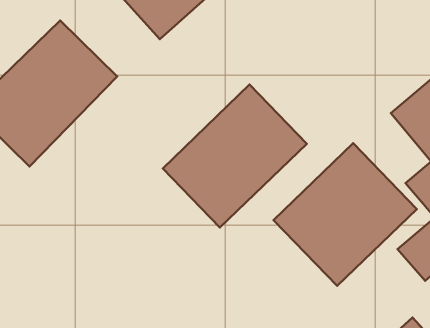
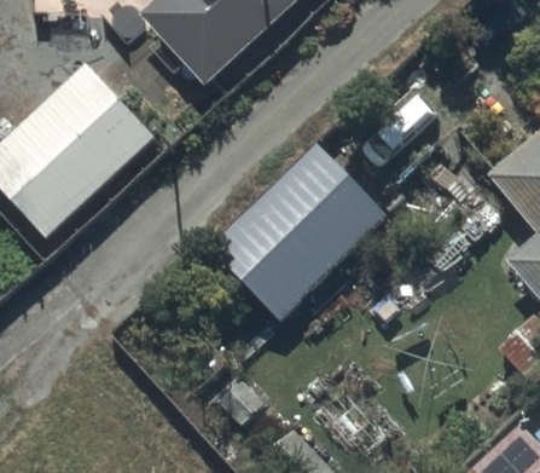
building: [273,143,417,286] -> none

